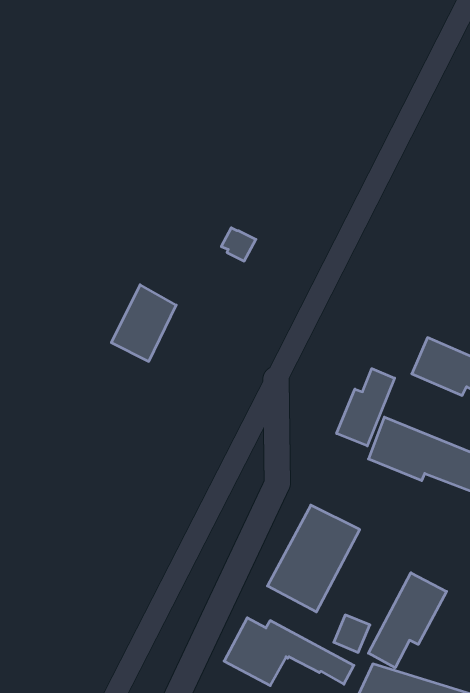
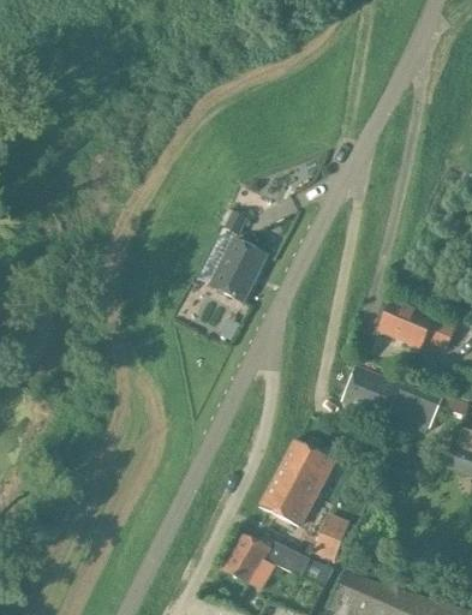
building: [111,285,176,361] -> [211,239,265,303]
building: [337,369,395,446] -> none
building: [368,573,447,668] -> none

